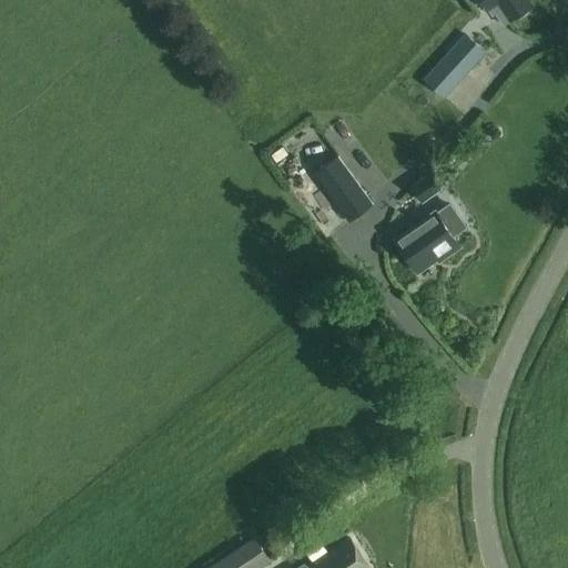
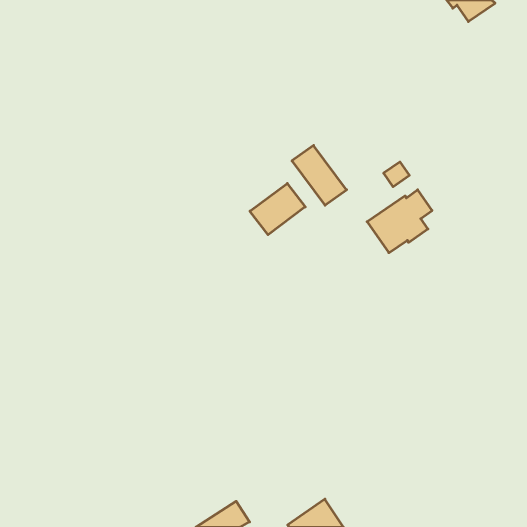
building: [425,34,485,97] -> none
building: none -> [250,183,305,235]

